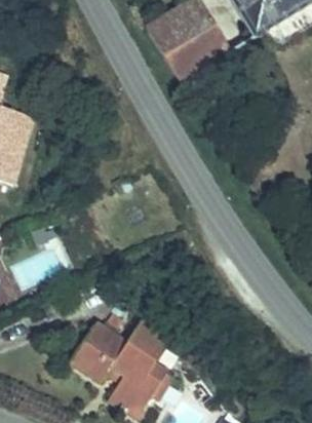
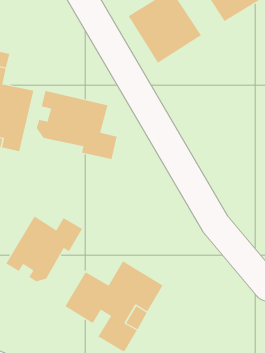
building: none -> [36,90,117,160]
building: none -> [5,216,83,282]

